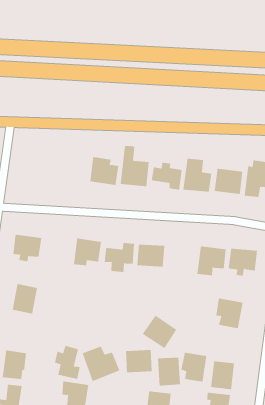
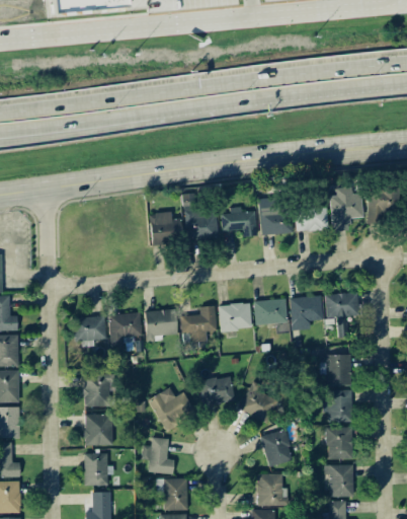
building: none -> [109,313,143,345]
building: none -> [255,300,288,324]
building: none -> [85,414,113,446]
building: [82,346,120,382] -> [149,387,196,431]
building: [125,350,153,373] -> [199,375,235,406]
building: [181,352,207,382] -> [323,390,351,422]

